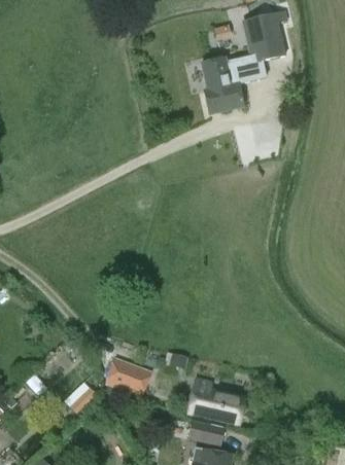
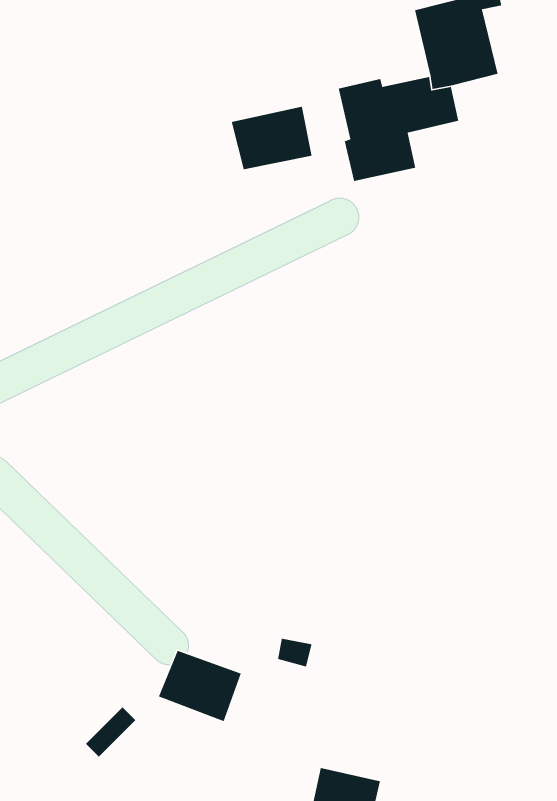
building: none -> [231,106,312,170]
building: [187,379,243,423] -> none

